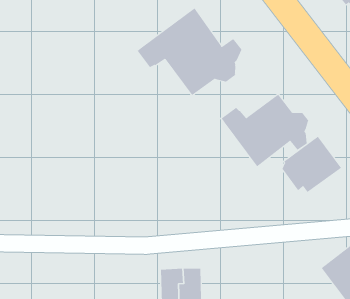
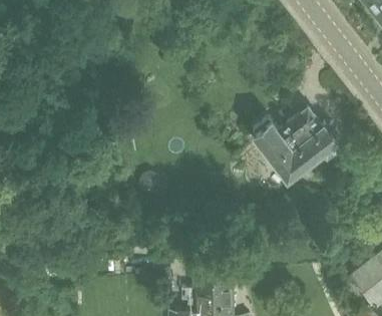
building: [137,8,242,96] -> none
building: [282,136,342,193] -> none

